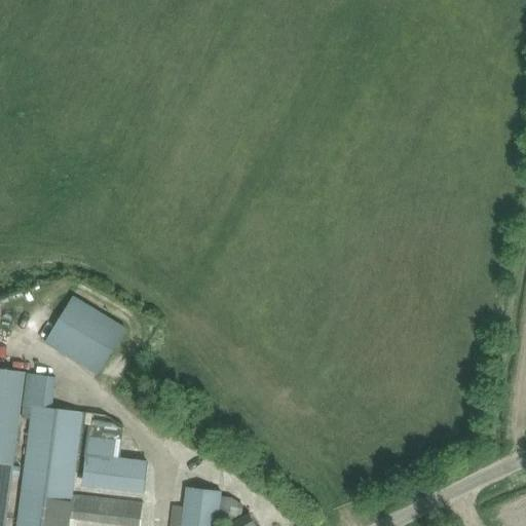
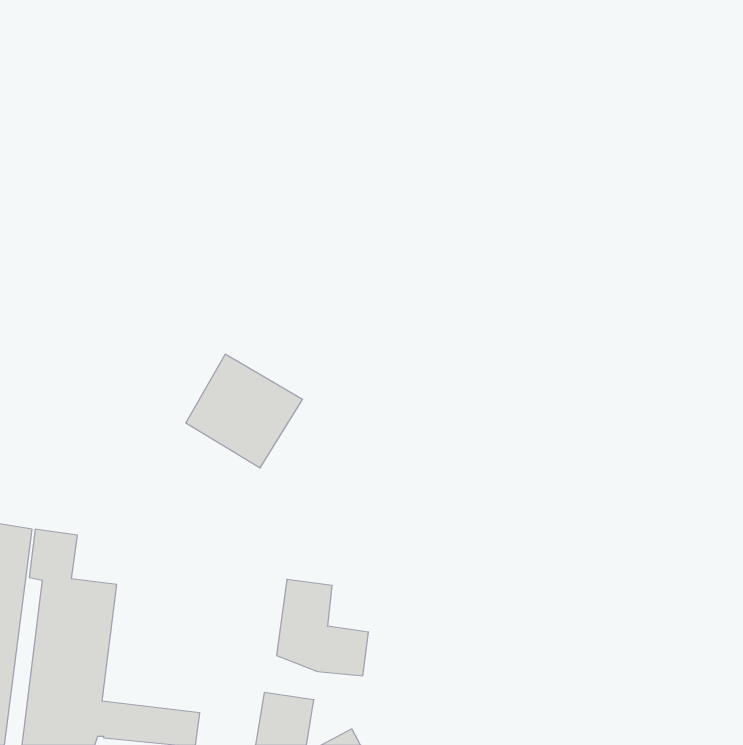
building: [43,296,125,376] -> [186,354,303,468]
building: [82,424,147,492] -> [277,580,369,676]

